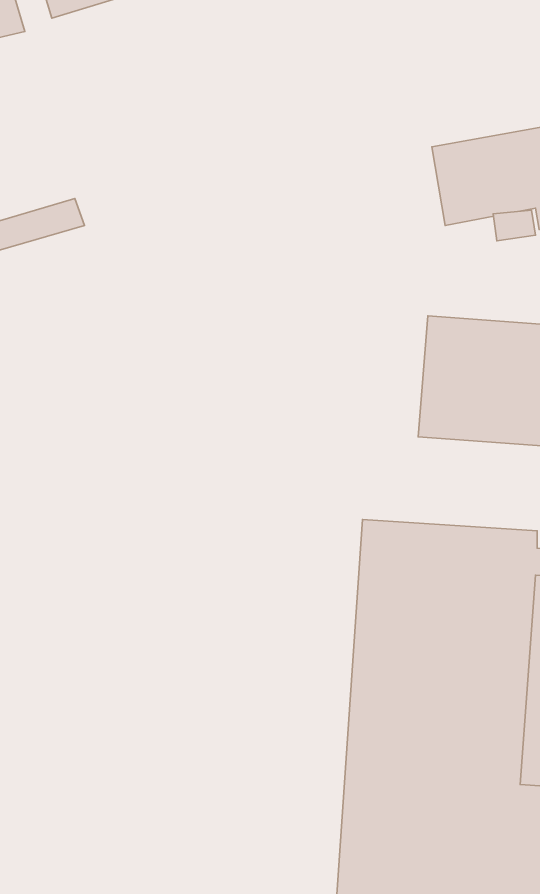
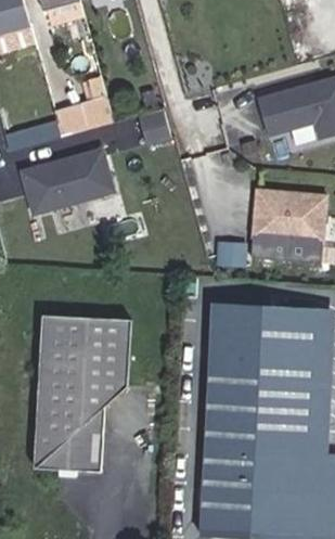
building: none -> [54,76,113,137]
building: none -> [17,146,115,217]
building: none -> [34,319,130,475]

